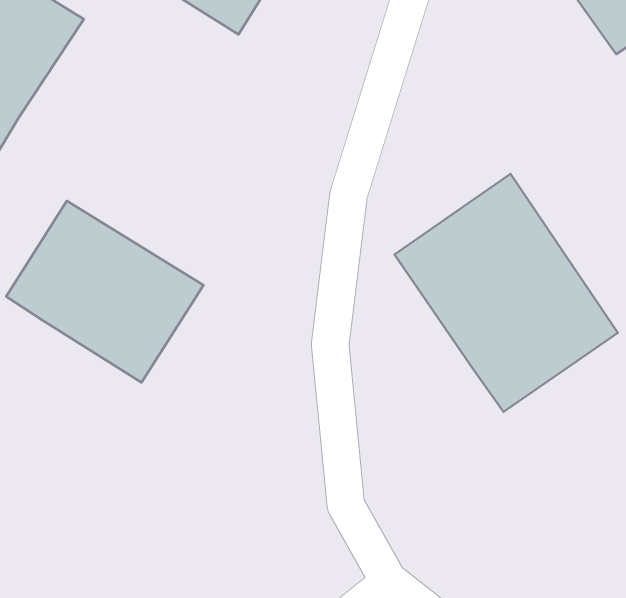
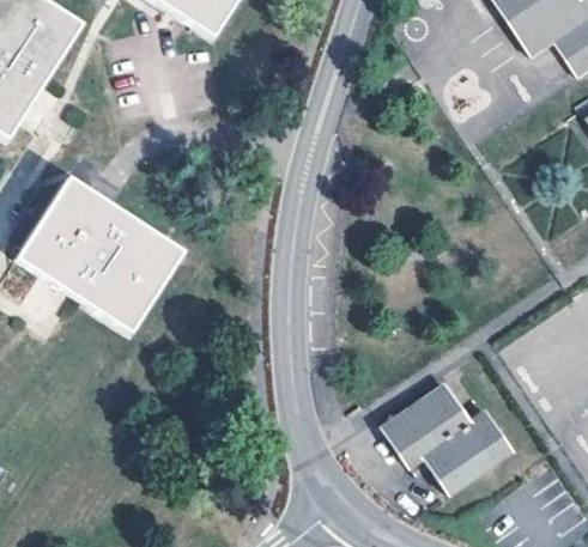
building: [394,174,618,412] -> none
building: none -> [381,385,509,492]

